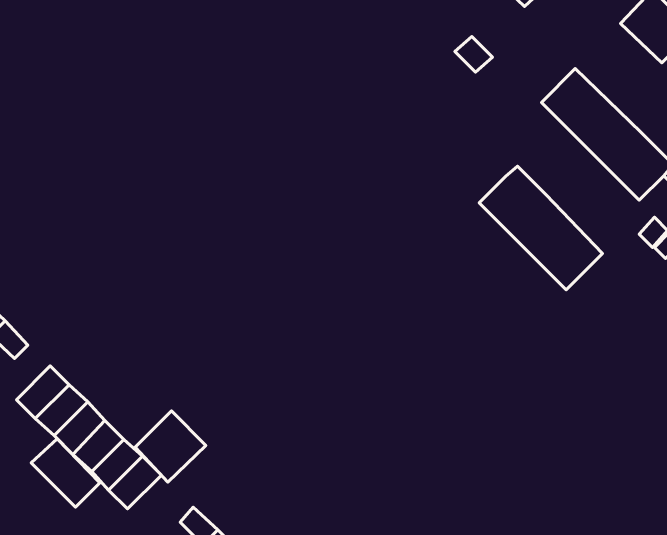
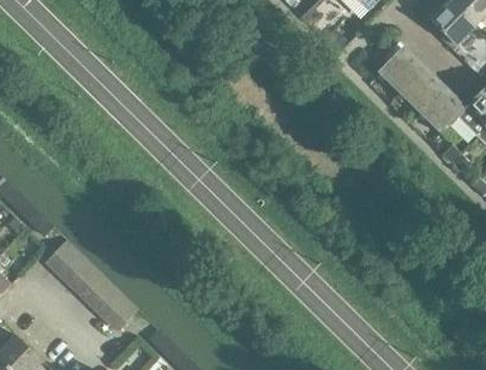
building: [479,166,603,290] -> none
building: [135,411,206,482] -> none
building: [31,439,100,507] -> none

